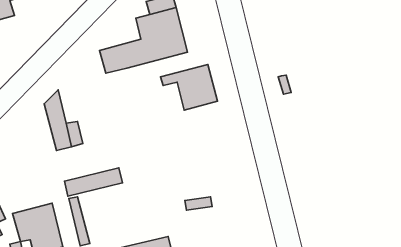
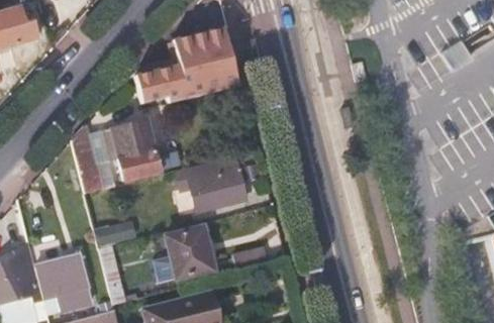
building: [160,64,218,110] -> [179,156,244,209]
building: none -> [105,120,160,181]
building: none -> [163,228,214,280]

